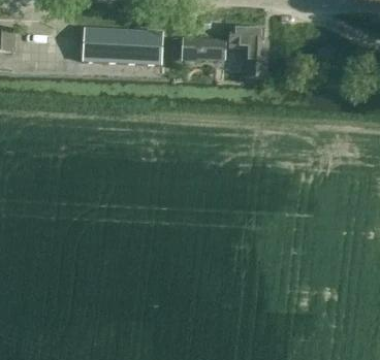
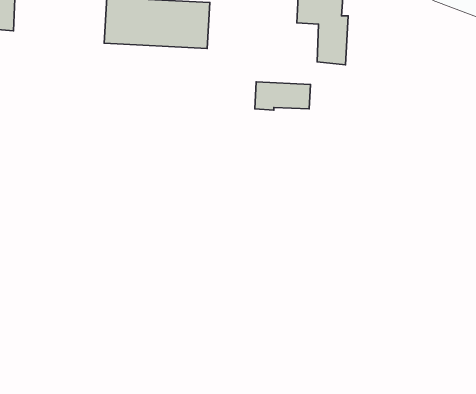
building: [182,38,224,60] -> [255,82,310,110]

